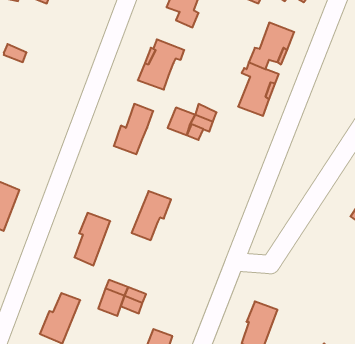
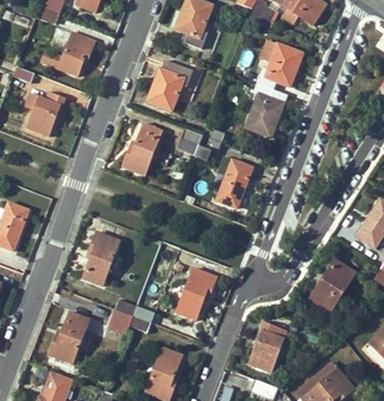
building: none -> [43,31,94,75]
building: none -> [25,90,67,136]
building: none -> [218,158,253,206]
building: [132,191,171,240] -> [176,269,215,318]
building: none -> [307,259,355,315]

